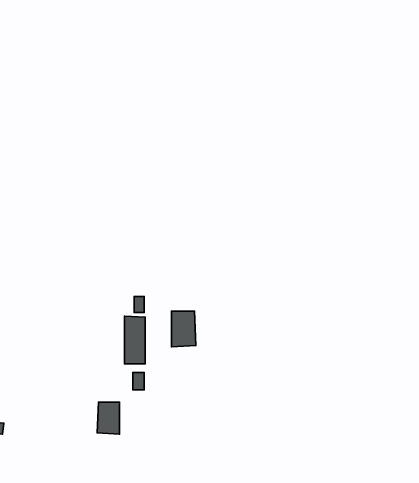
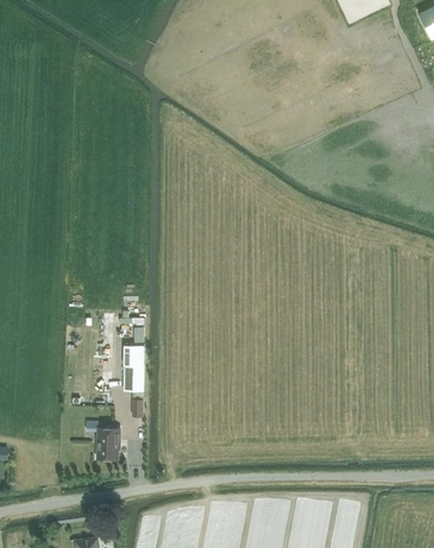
building: [171,311,196,347] -> none

